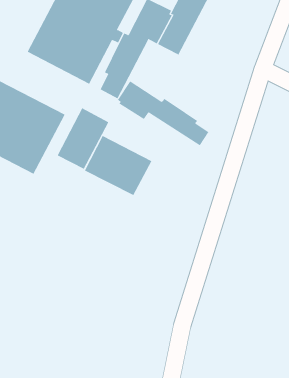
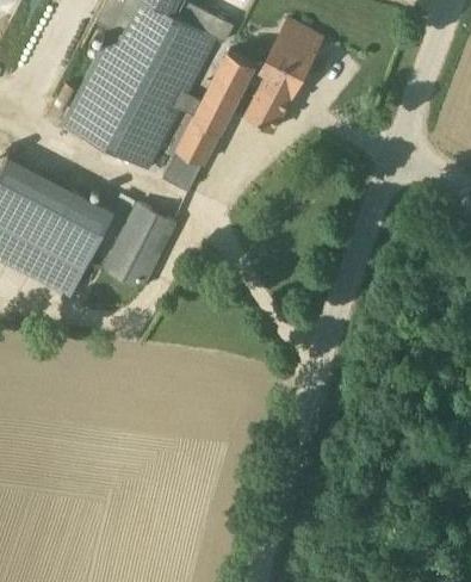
building: [117,80,209,146] -> none
building: [84,135,152,196] -> none

